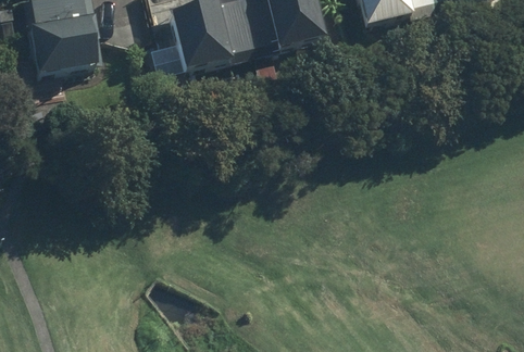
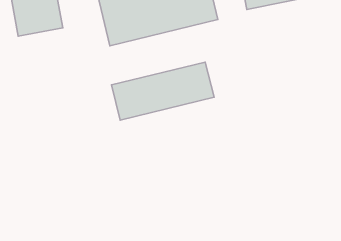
building: none -> [112,62,214,120]

